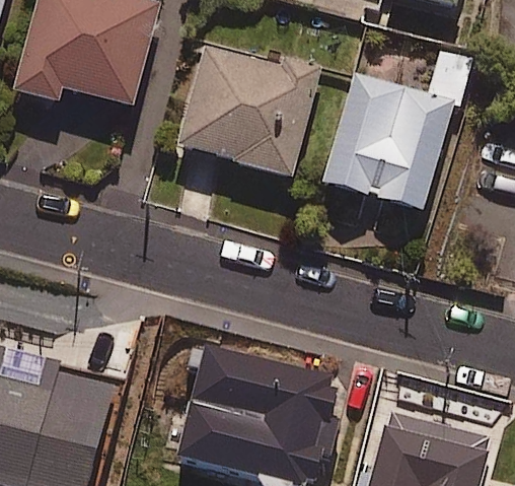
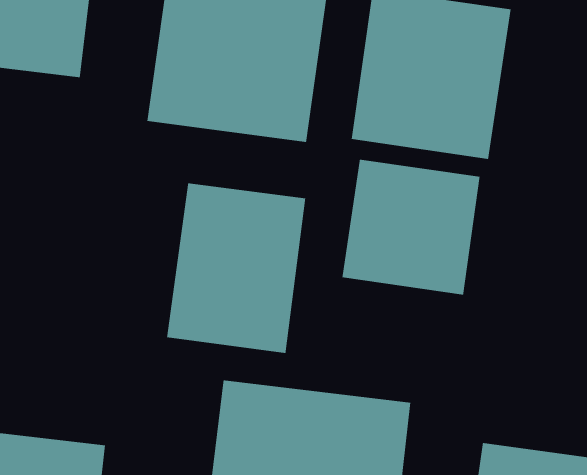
building: none -> [167,182,306,354]
building: none -> [342,159,480,296]

